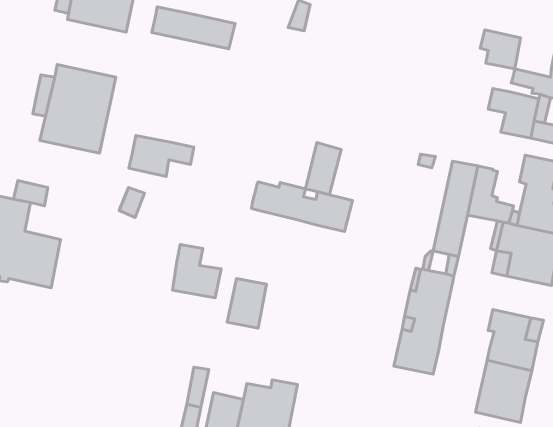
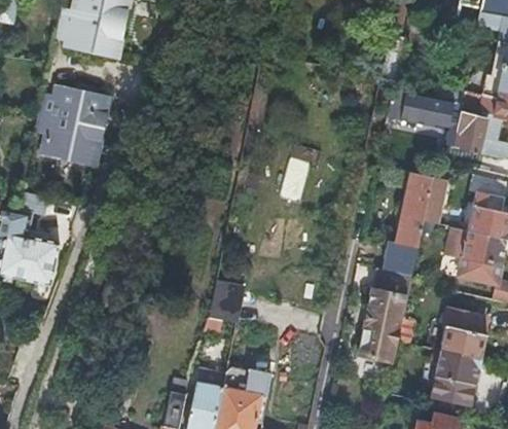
building: [152,7,235,49] -> none
building: [480,30,520,69] -> [405,88,441,123]
building: [129,136,194,177] -> none
building: [251,182,353,232] -> none
building: [173,245,221,298] -> none

